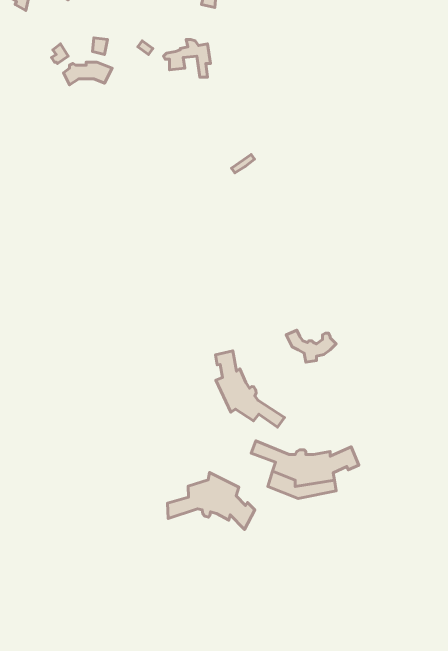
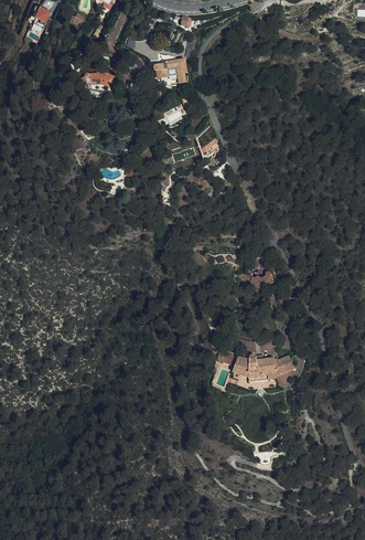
building: [215,351,284,427] -> none
building: [167,473,255,530] -> none

